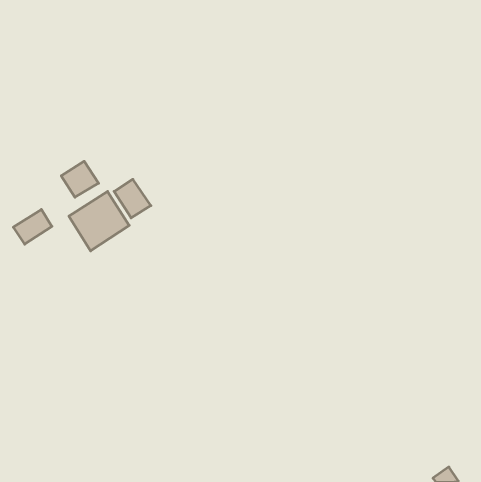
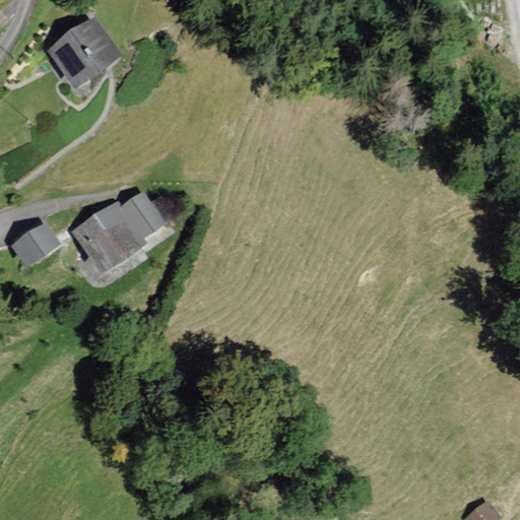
building: none -> [52,22,118,84]
building: [61,161,99,197] -> none

